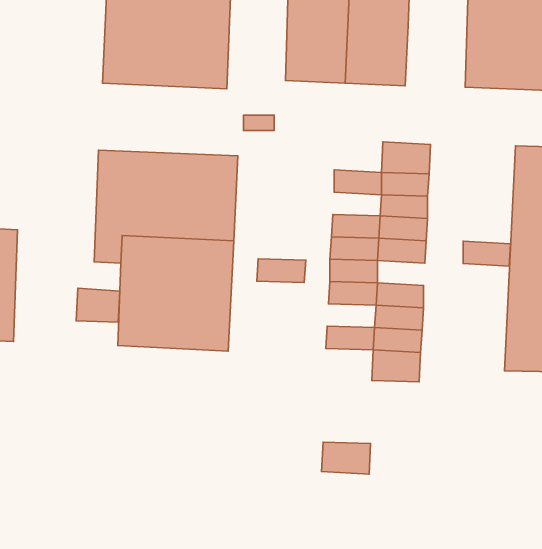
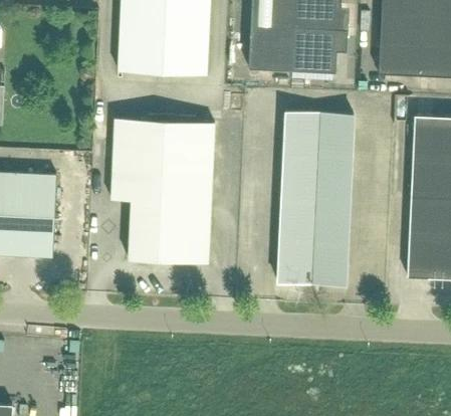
building: none -> [284,112,319,135]
building: none -> [283,149,318,166]
building: [463,241,511,266] -> [315,198,350,216]
building: [257,259,306,283] -> [279,229,314,246]
building: [76,288,120,322] -> none
building: [322,442,370,474] -> [277,261,312,284]

